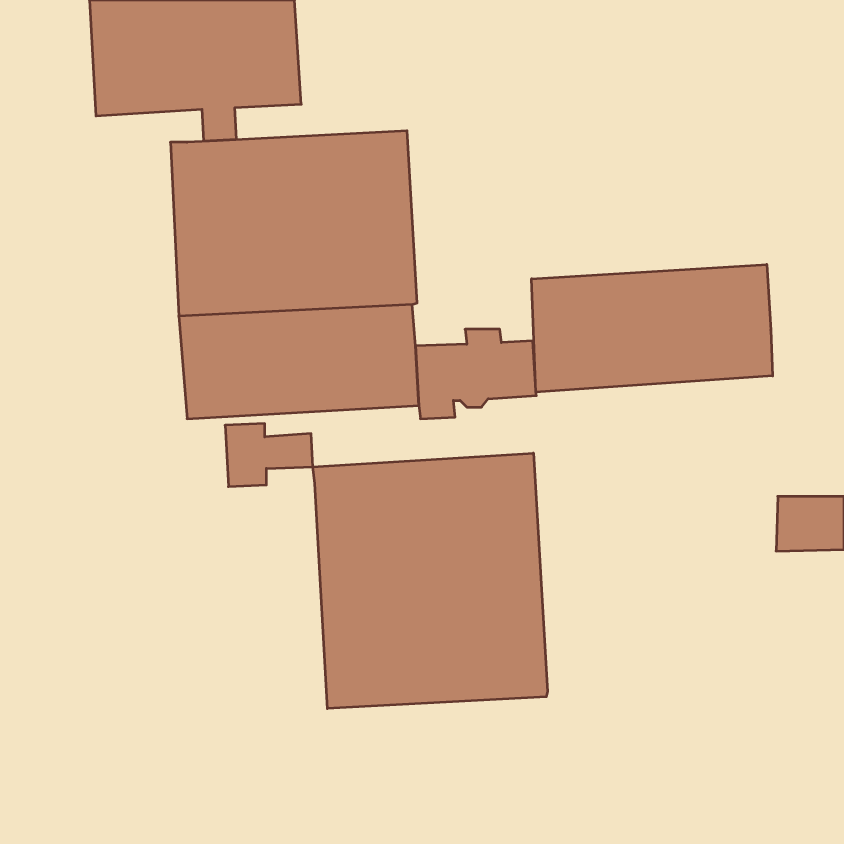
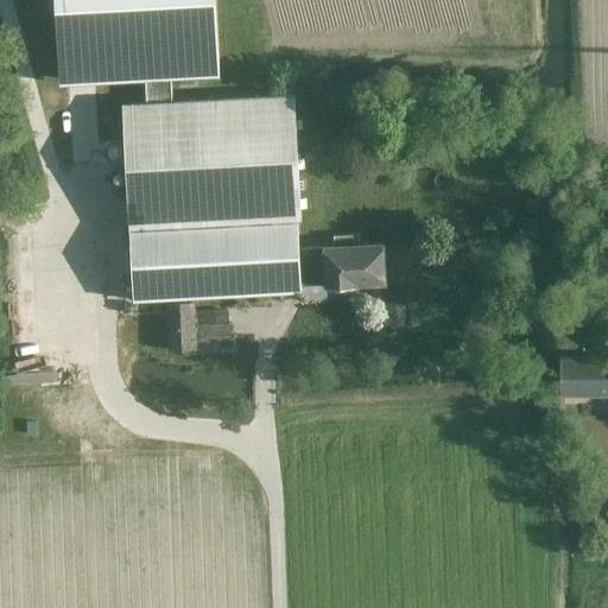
building: [532,264,773,392] -> none
building: [313,453,548,709] -> none

